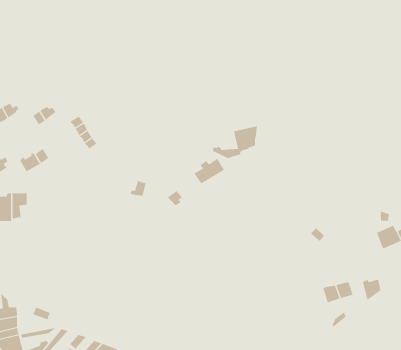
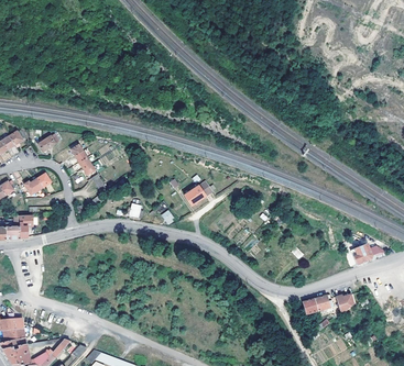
building: [212,126,258,159] -> none

